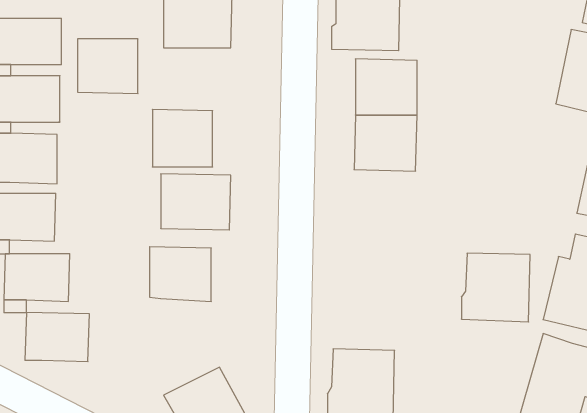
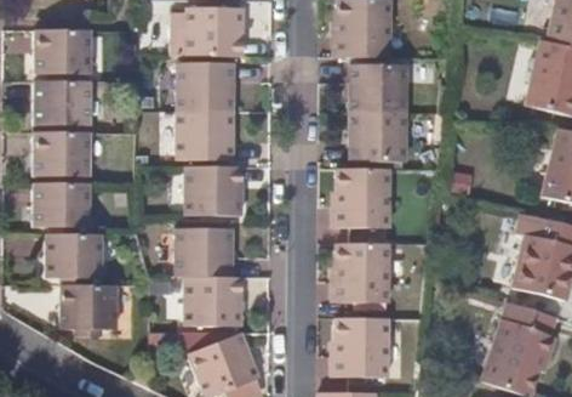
building: [78,39,138,94] -> [175,62,227,109]
building: none -> [326,168,385,226]
building: [461,253,530,322] -> [326,243,385,302]
building: none -> [182,272,238,322]

